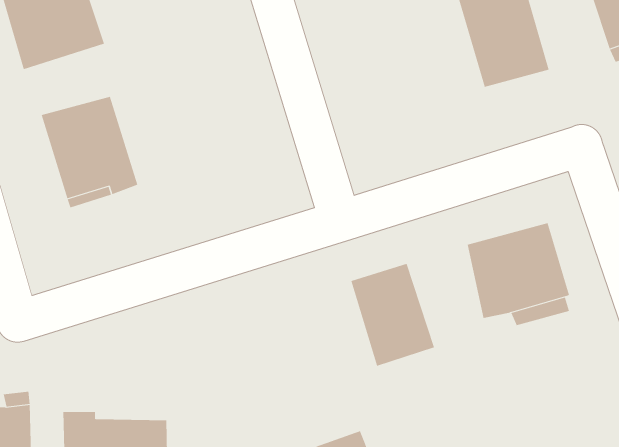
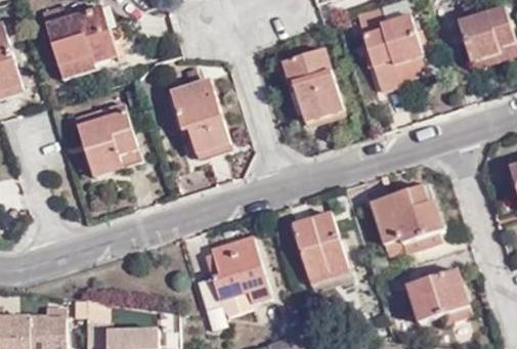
building: none -> [283,50,338,117]
building: none -> [173,81,229,152]
building: none -> [193,239,269,317]
building: none -> [404,273,468,331]

